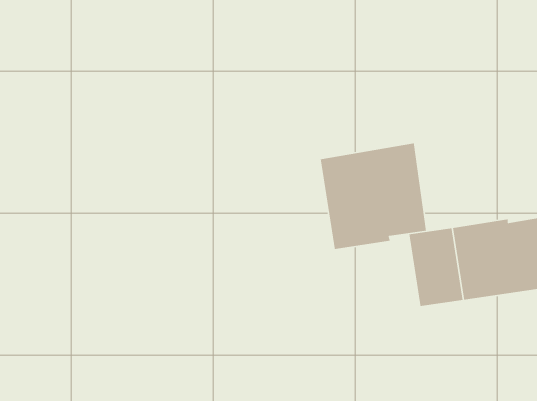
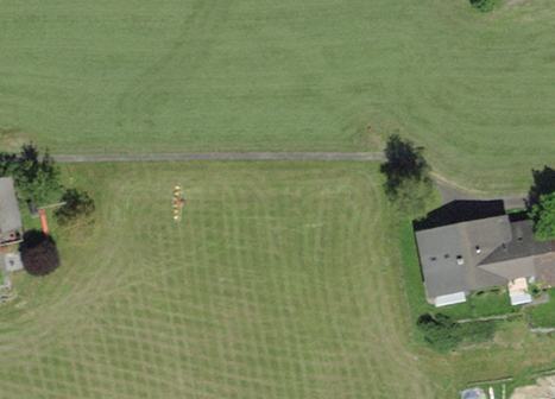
building: [320,143,427,250] -> none

